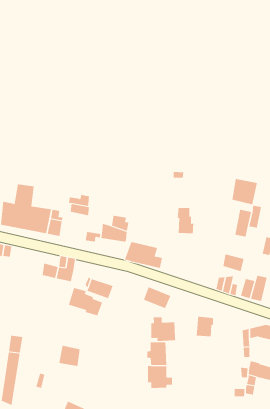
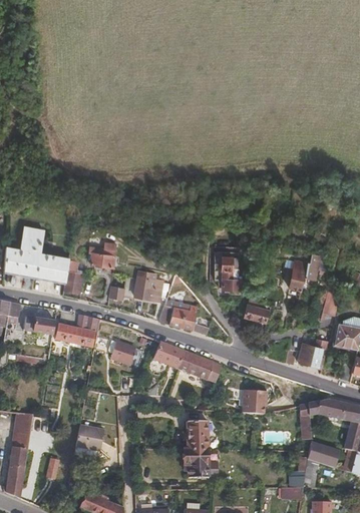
building: [232,178,258,205] -> none
building: [222,254,245,272] -> [245,304,272,326]
building: none -> [22,317,54,335]
building: none -> [153,343,185,369]
building: [68,287,103,316] -> none
building: [151,316,176,342] -> none

